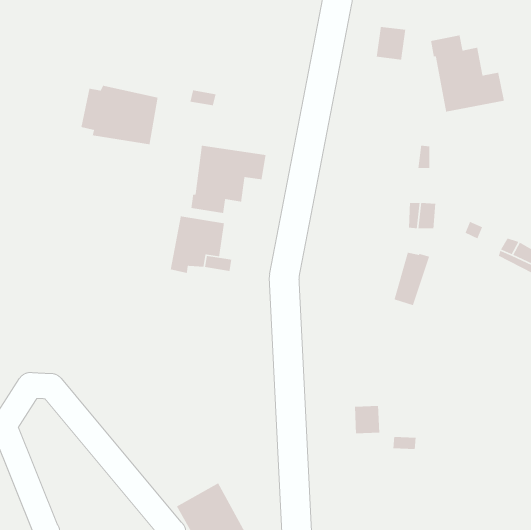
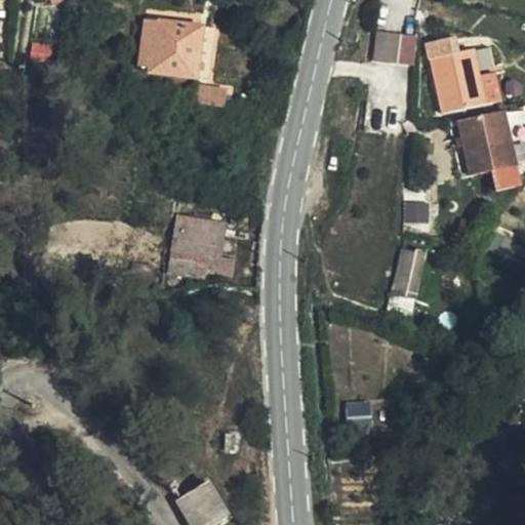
building: [81,85,159,145] -> [138,18,215,78]
building: none -> [454,111,515,178]
building: [191,145,266,214] -> none

